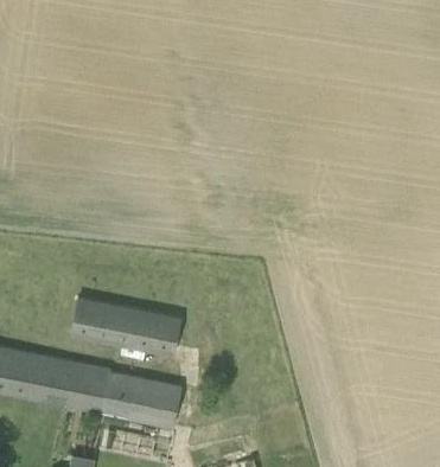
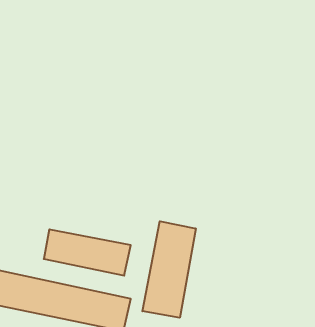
building: none -> [142,221,196,318]

